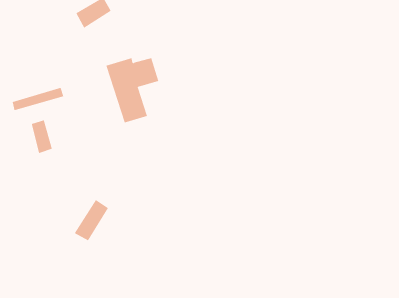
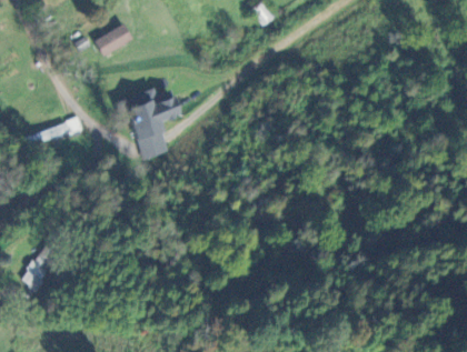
building: [31,119,53,154] -> none
building: [74,199,109,241] -> [18,244,56,290]

